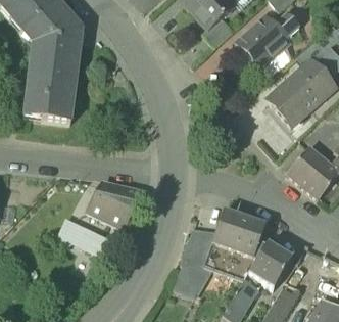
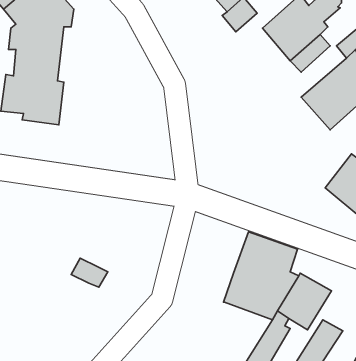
building: [89,182,142,227] -> none
building: [55,215,90,243] -> none
building: [174,234,213,296] -> none

